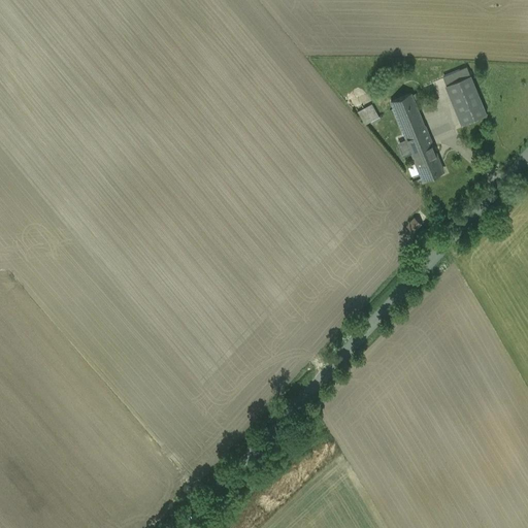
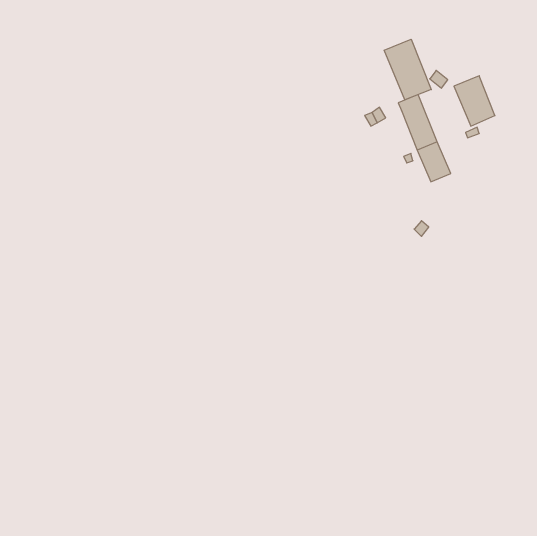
building: none -> [384,39,431,100]

